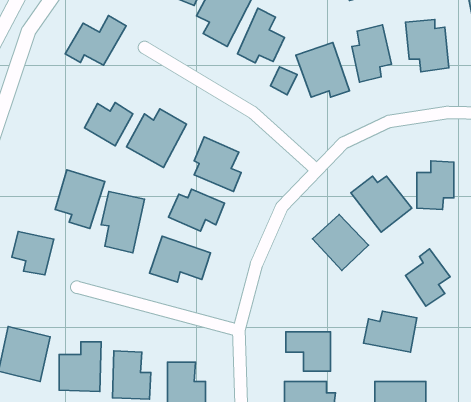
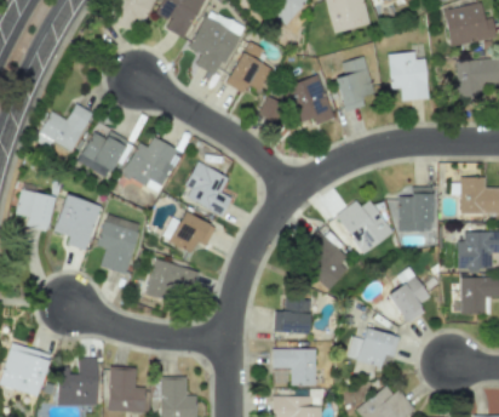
building: [65,16,126,65] -> [35,103,93,150]
building: [12,232,54,275] -> [16,189,56,230]
building: none -> [275,298,311,333]

